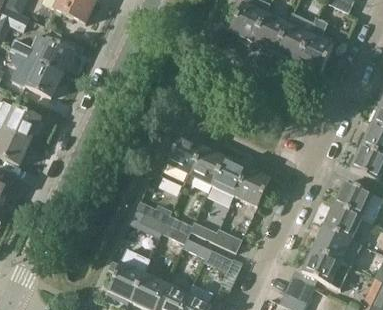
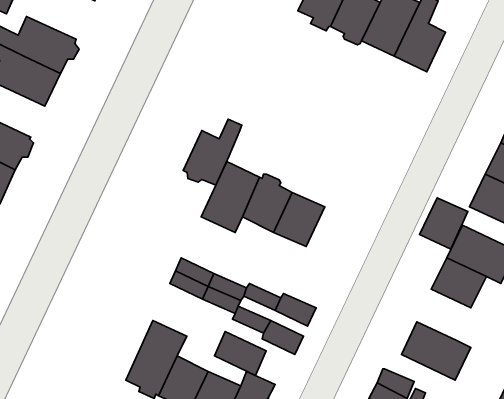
building: none -> [183,119,242,185]
building: none -> [420,198,468,249]
building: [235,168,271,206] -> none
building: [313,226,351,262] -> none
building: none -> [215,331,266,375]

